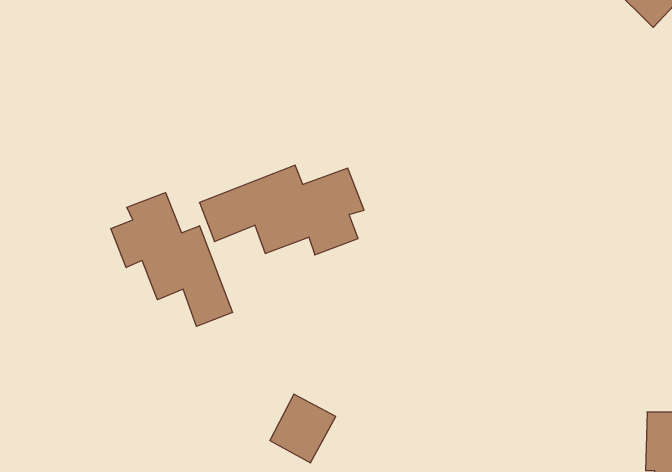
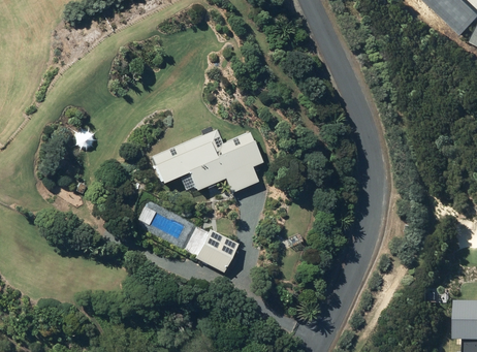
building: [111,193,232,326] -> none
building: [270,394,336,463] -> [193,226,239,274]

